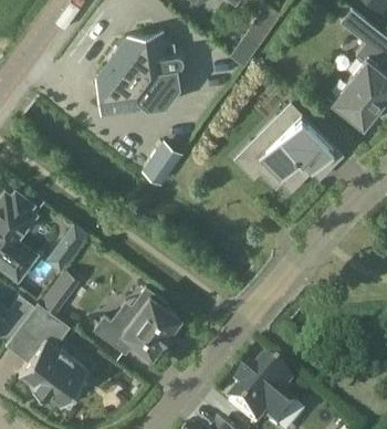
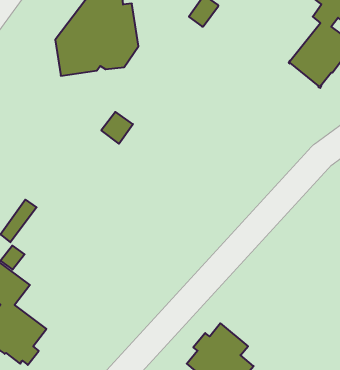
building: [243,100,335,185] -> none
building: [94,286,180,353] -> none

